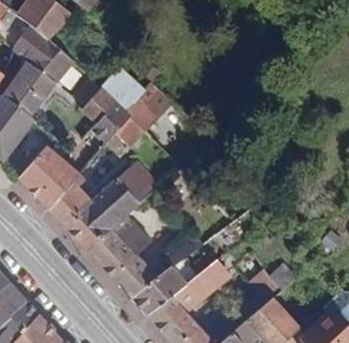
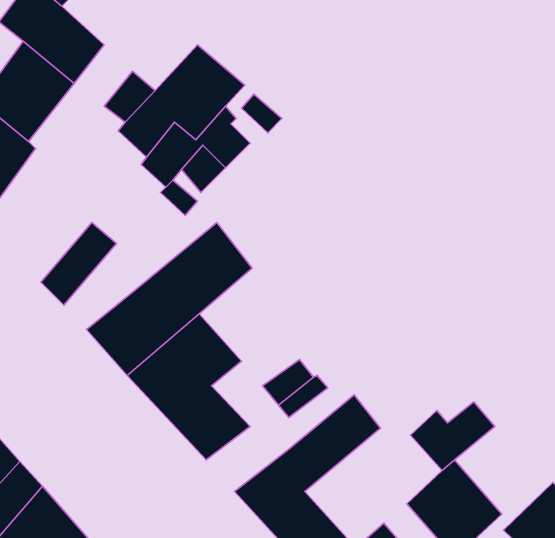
building: [18,145,65,197] -> none
building: [49,175,89,224] -> none
building: [130,274,178,316] -> none

